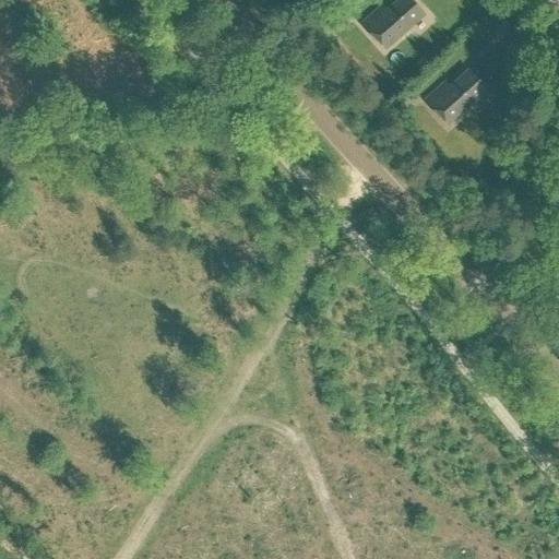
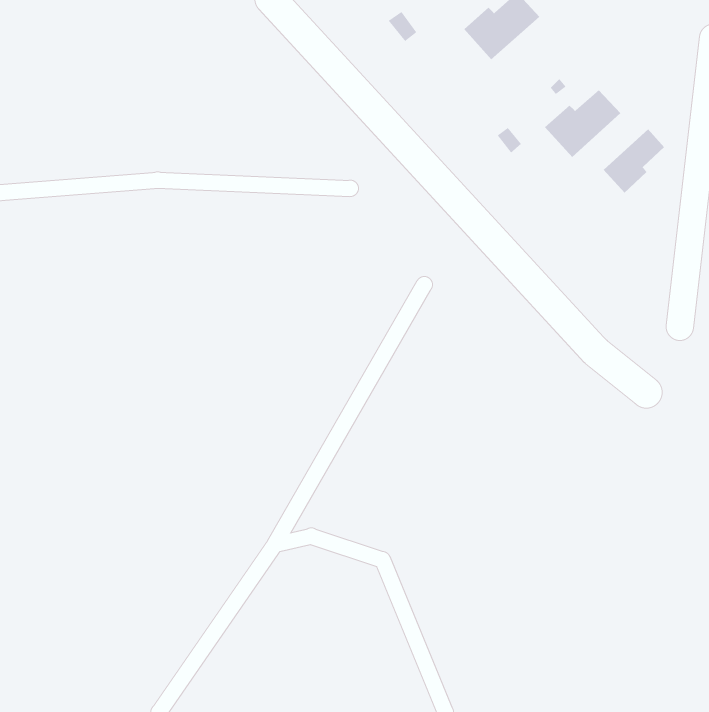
building: none -> [603,128,665,193]

